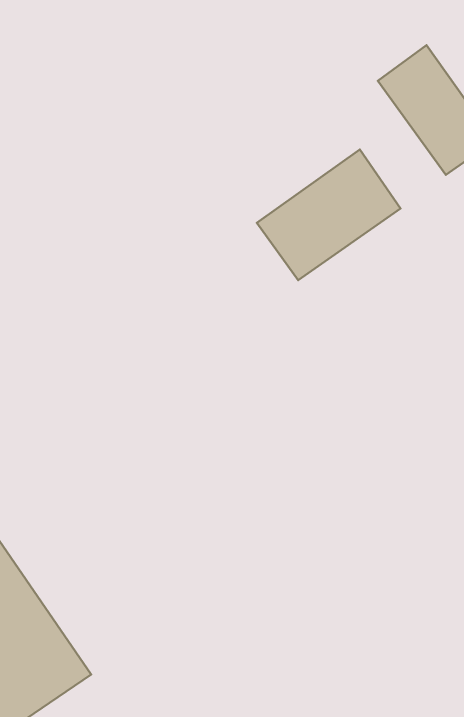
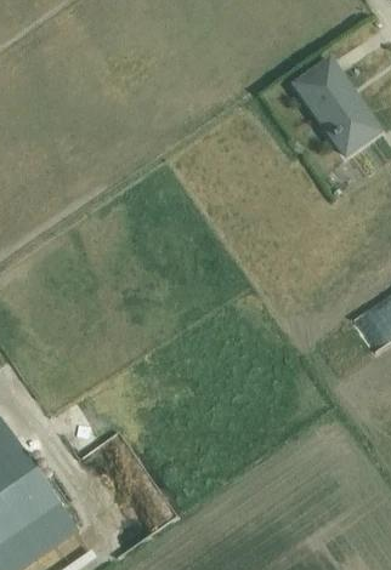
building: [257,149,401,280] -> none

